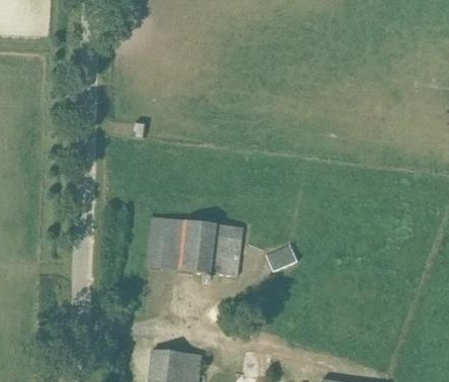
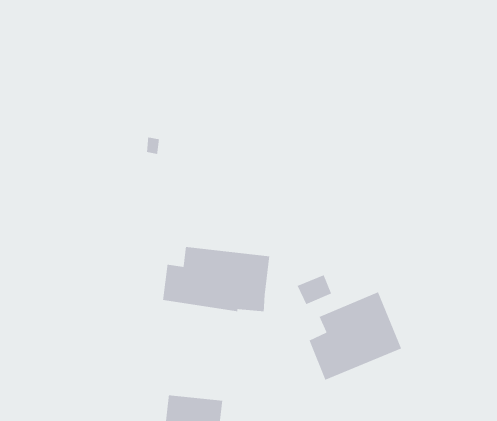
building: none -> [308,291,402,381]

